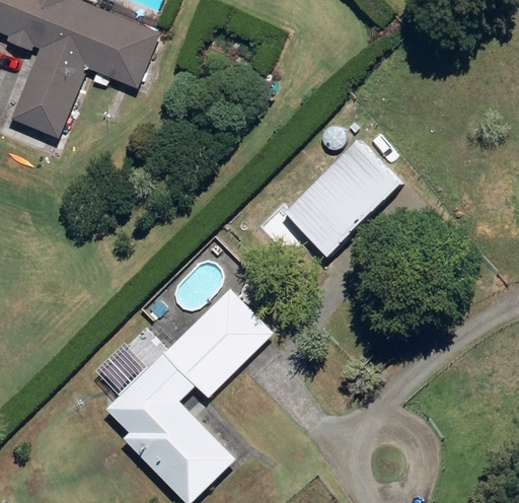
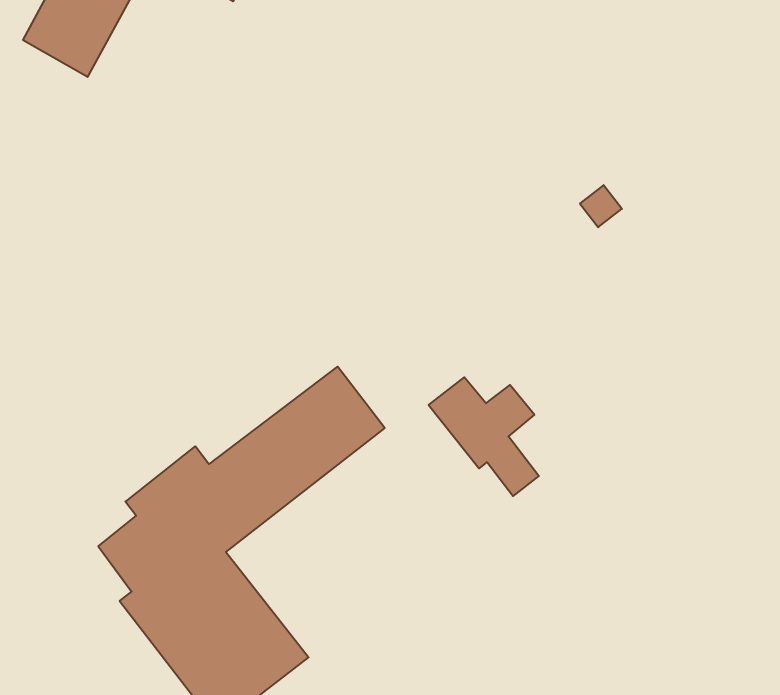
building: [296,186,364,249] -> [429,377,539,496]

